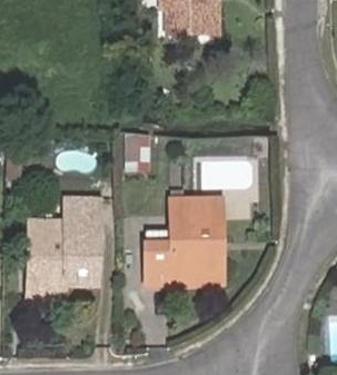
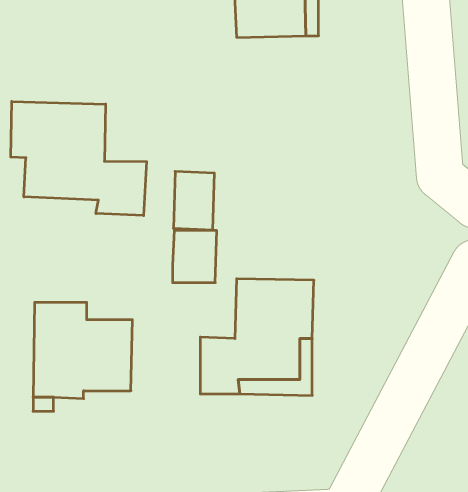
building: none -> [11,101,147,216]
building: [67,198,98,235] -> [173,231,217,283]

